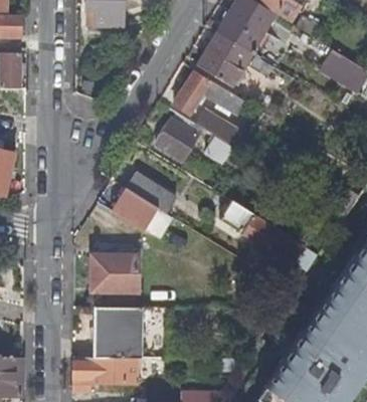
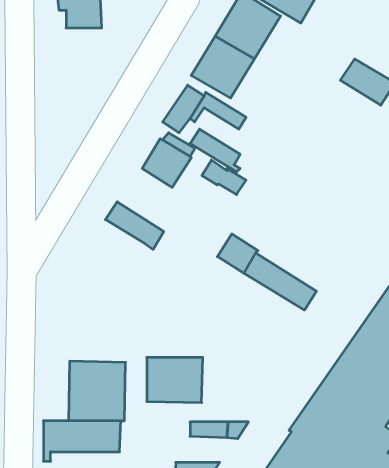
building: [113,187,159,229] -> none
building: [91,254,139,292] -> [147,357,203,403]

